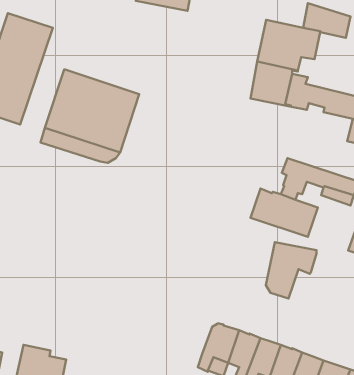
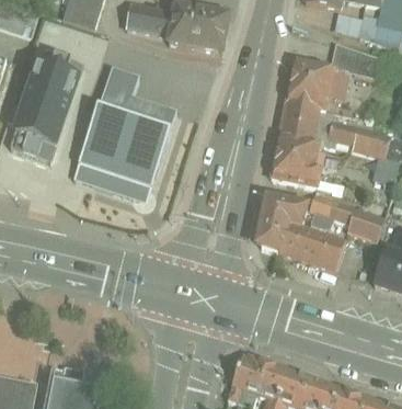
building: none -> [97,68,176,132]
building: none -> [269,136,320,186]
building: [266,242,316,298] -> [256,197,306,252]

